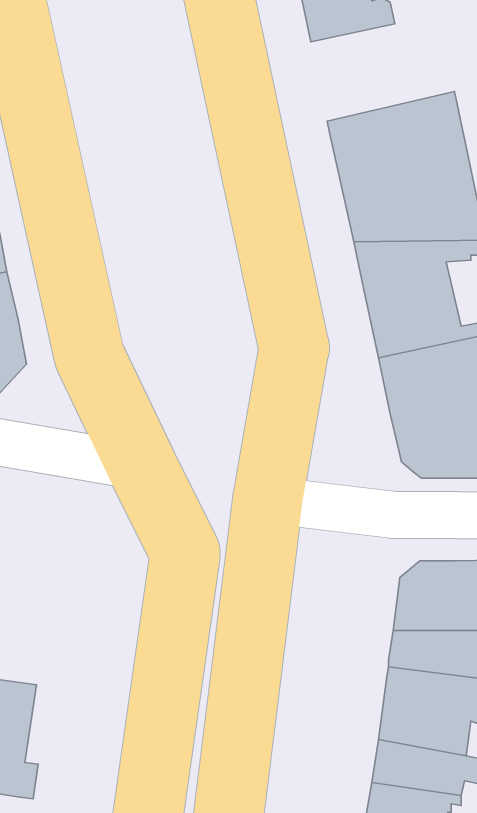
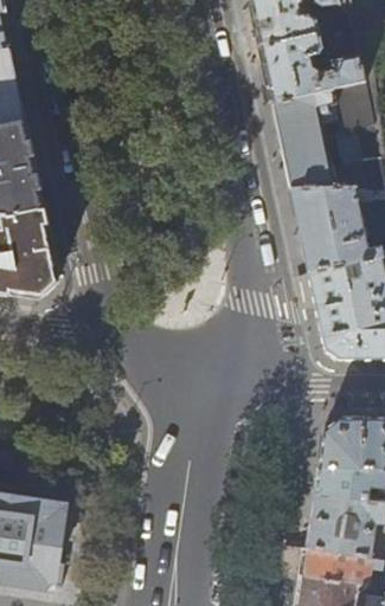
building: none -> [259,33,362,103]

